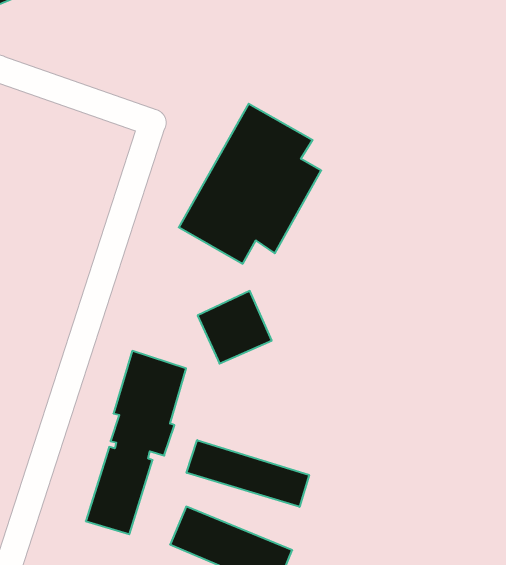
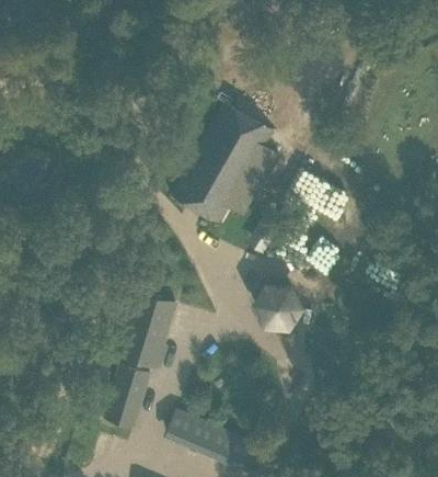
building: [198,291,272,364] -> [246,279,302,333]
building: [187,440,309,507] -> none

